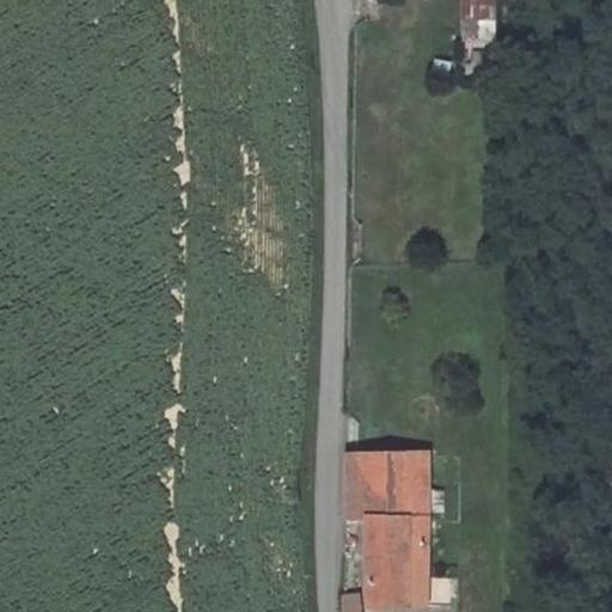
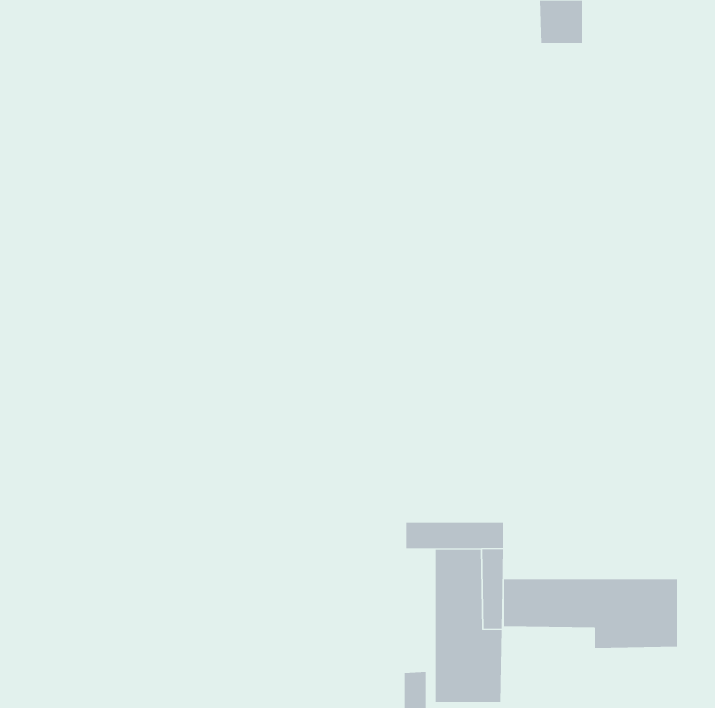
building: [344,476,369,519] -> none
building: none -> [503,578,677,649]

